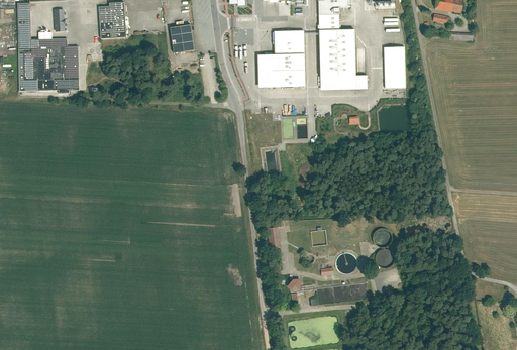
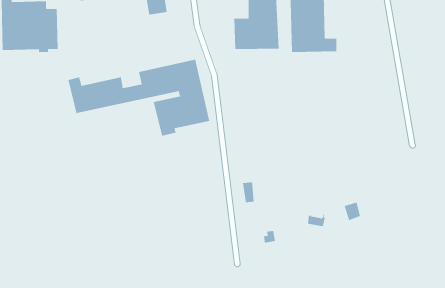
building: [386,45,407,87] -> none
building: none -> [68,59,210,137]

